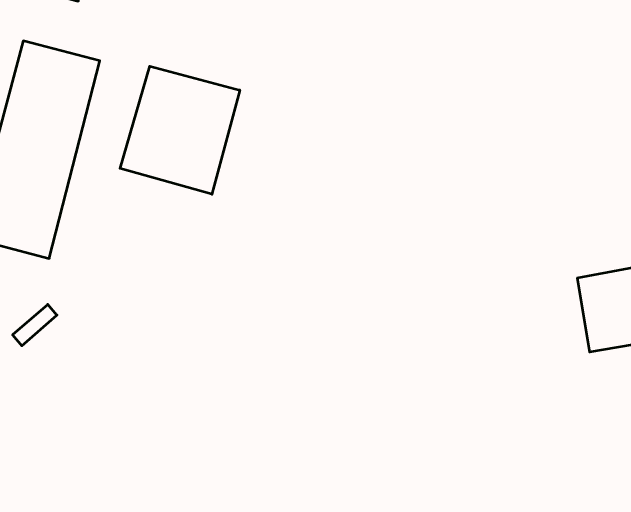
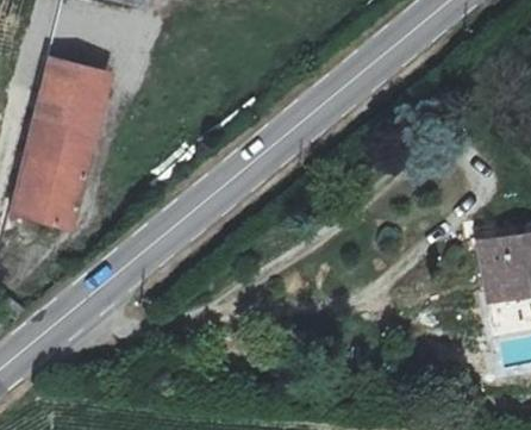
building: [120,66,240,194] -> none

